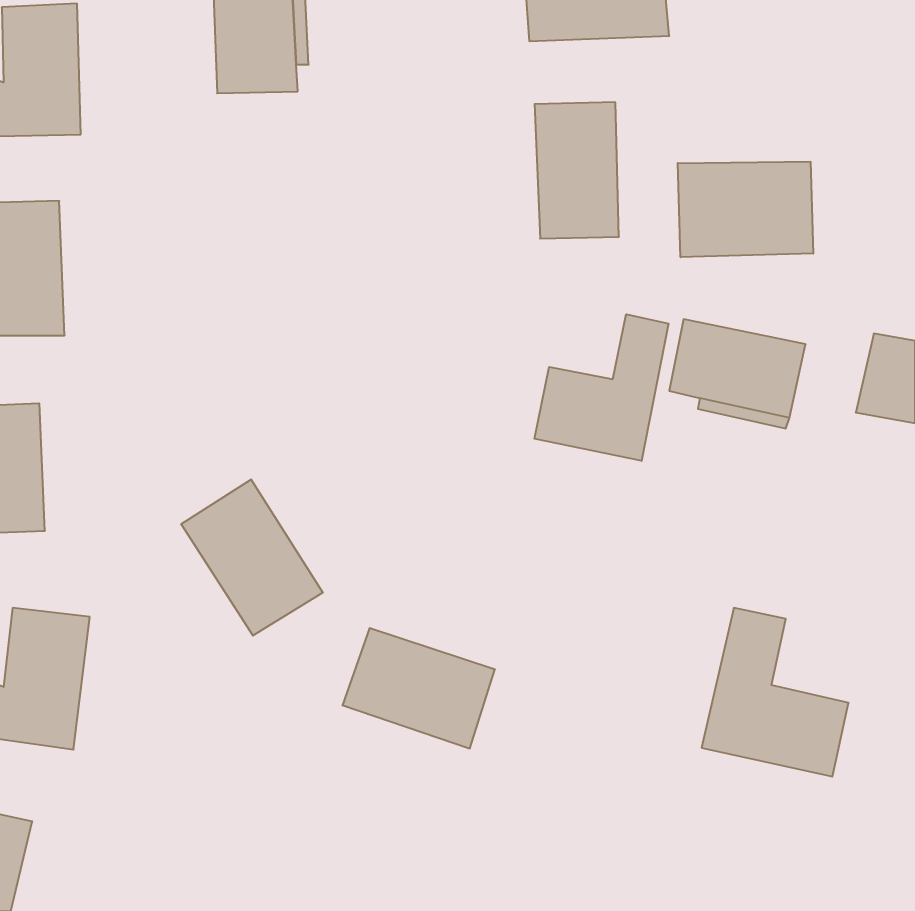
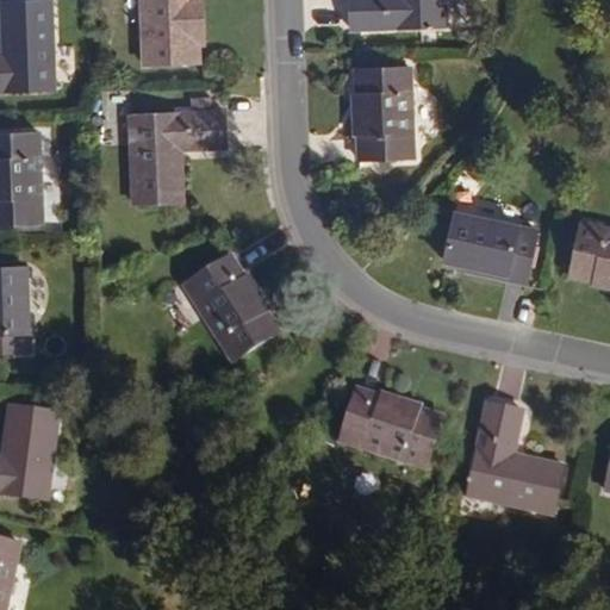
building: [678,162,813,257] -> none
building: none -> [131,111,225,201]
building: [534,314,669,461] -> none
building: [181,479,323,636] -> [182,251,276,355]
building: [342,628,495,748] -> [336,387,437,467]

